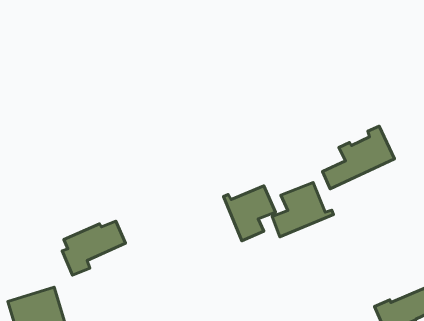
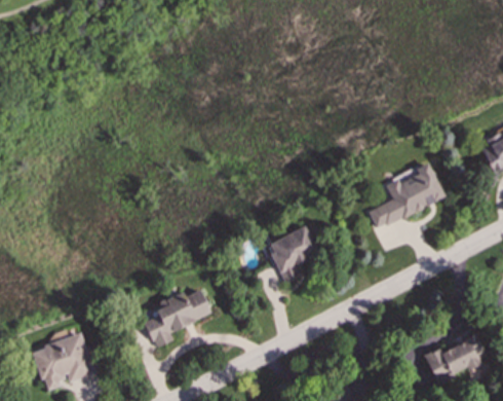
building: [272,183,334,237] -> none
building: [62,221,125,275] -> [143,290,210,348]

